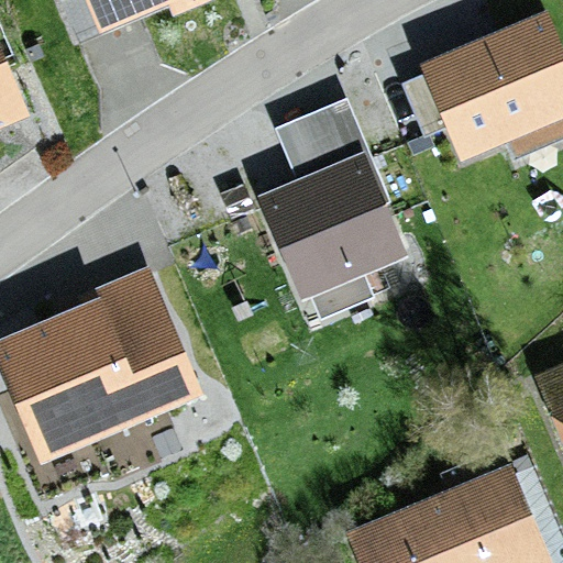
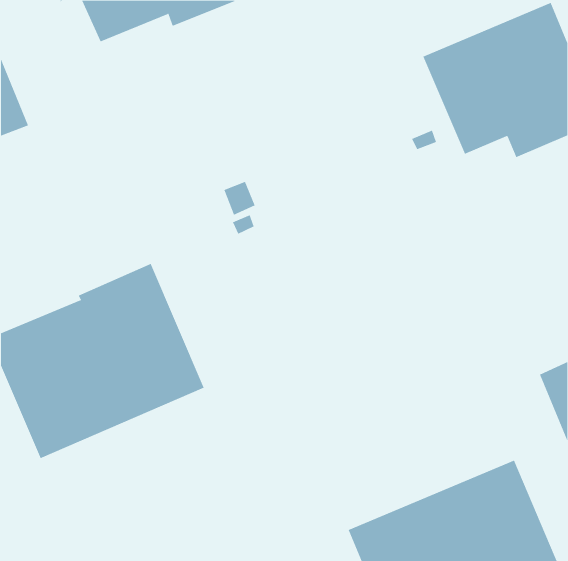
building: [257,98,407,319] -> none

